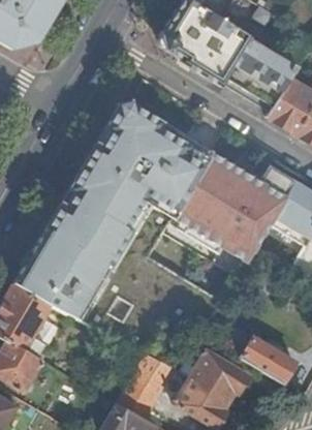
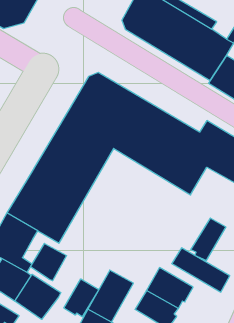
building: none -> [191,218,226,261]
building: none -> [31,243,67,281]
building: none -> [15,274,61,319]
building: none -> [64,279,99,317]

